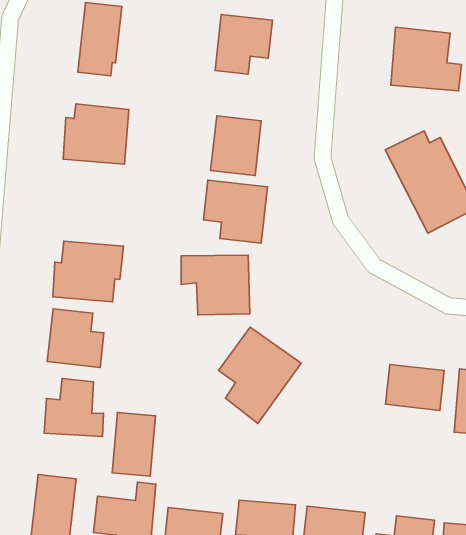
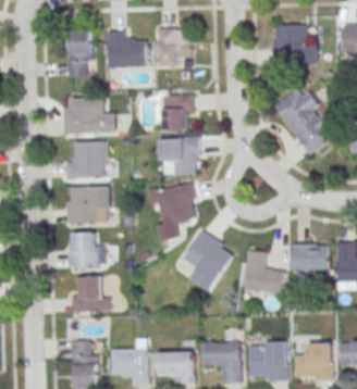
building: none -> [108,30,144,66]
building: none -> [66,141,104,179]
building: none -> [244,250,283,292]
building: [112,412,155,476] -> none

